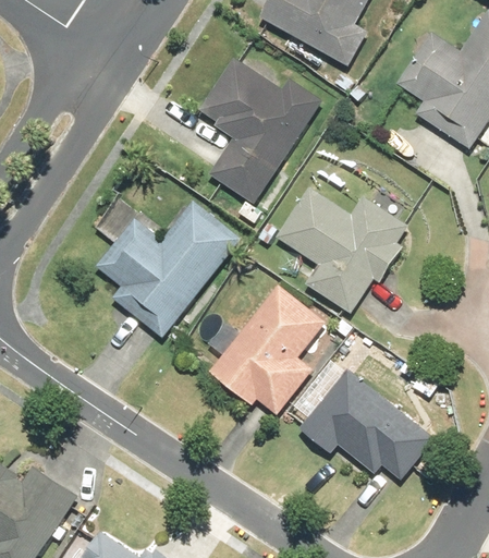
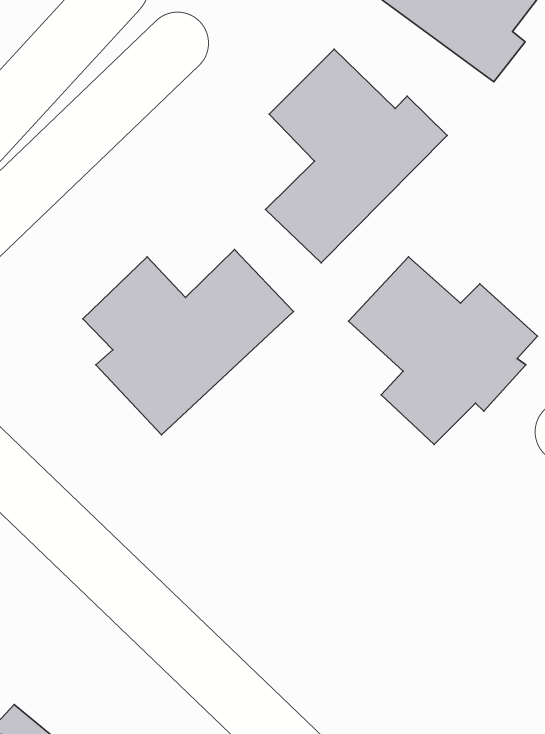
building: [207,286,327,413] -> none
building: [298,371,430,480] -> none

